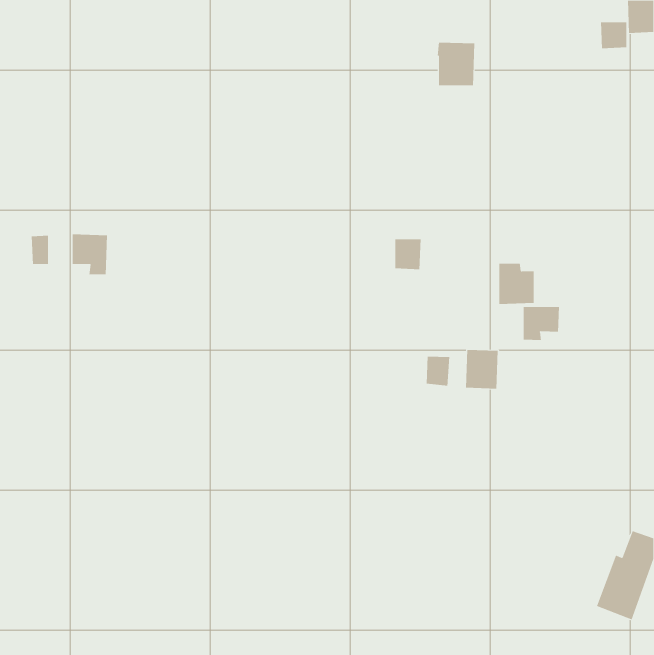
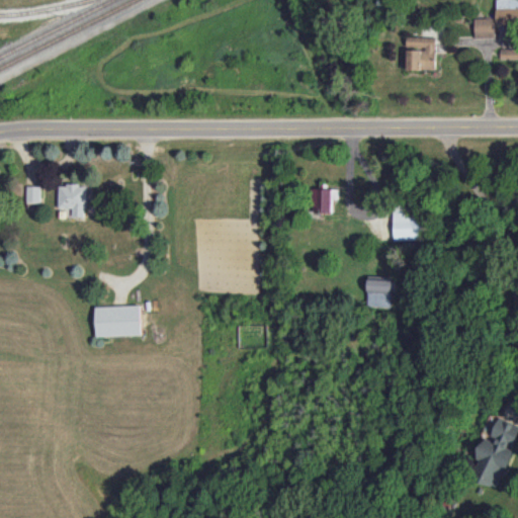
building: [437,42,475,86] -> [405,37,435,72]
building: [523,306,560,341] -> none
building: [426,356,450,386] -> none
building: none -> [94,306,140,337]

